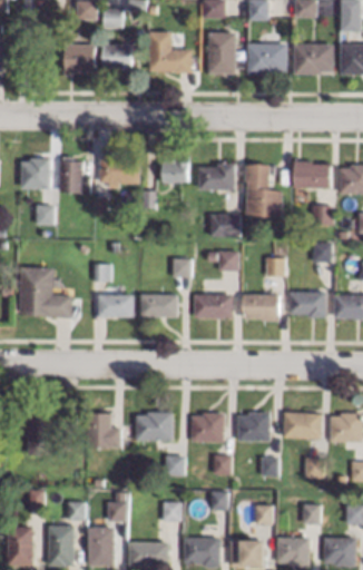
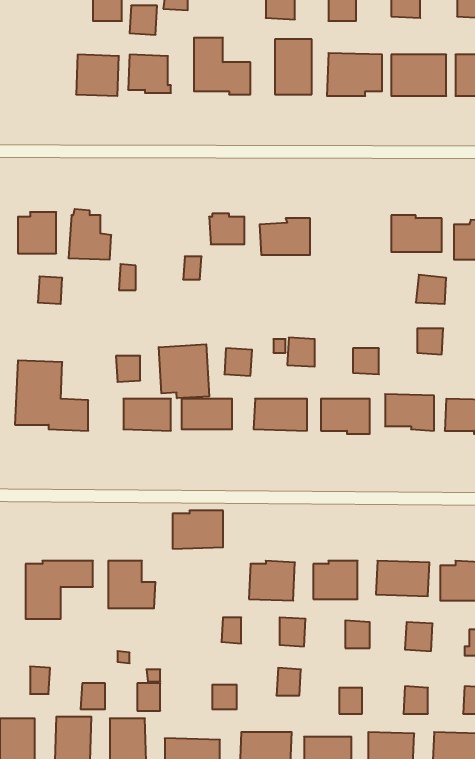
building: [98,157,138,188] -> none
building: [244,164,282,215] -> none
building: [208,214,239,236] -> none
building: none -> [159,344,209,398]
building: [135,412,171,440] -> [173,511,223,549]

